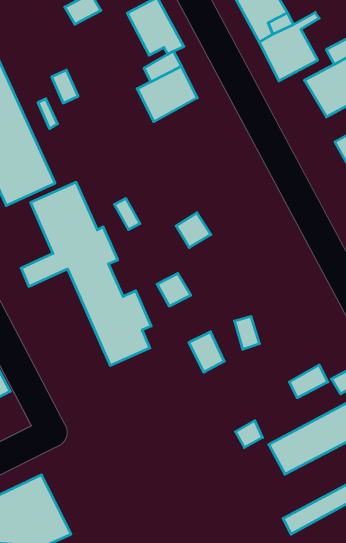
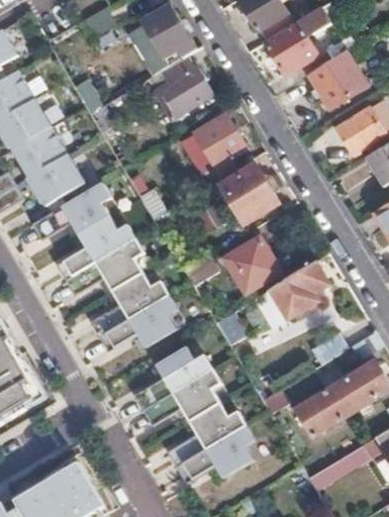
building: none -> [193,118,240,168]
building: none -> [220,169,275,226]
building: none -> [218,240,273,295]
building: none -> [272,264,325,325]
building: none -> [91,306,135,350]
building: none -> [157,341,265,483]

